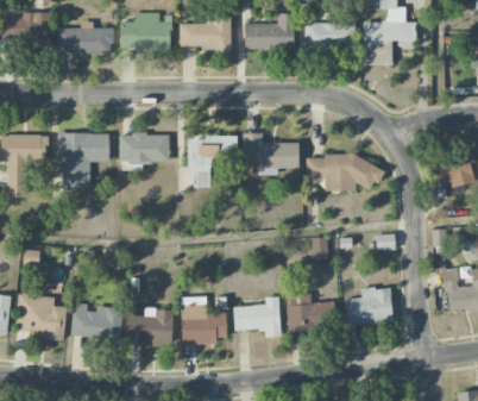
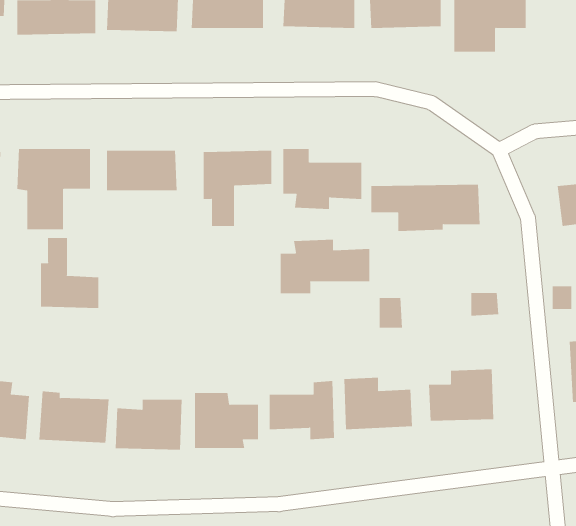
building: none -> [40,237,99,309]
building: none -> [280,239,370,294]

